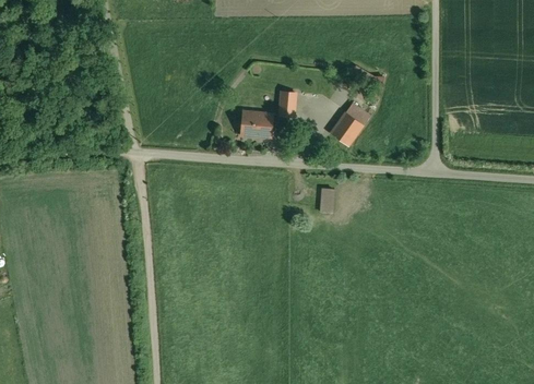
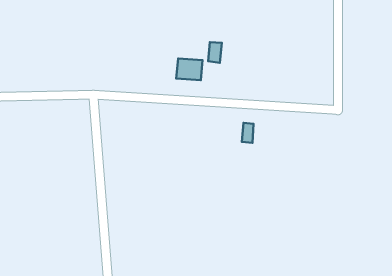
building: [331,111,364,145] -> none

